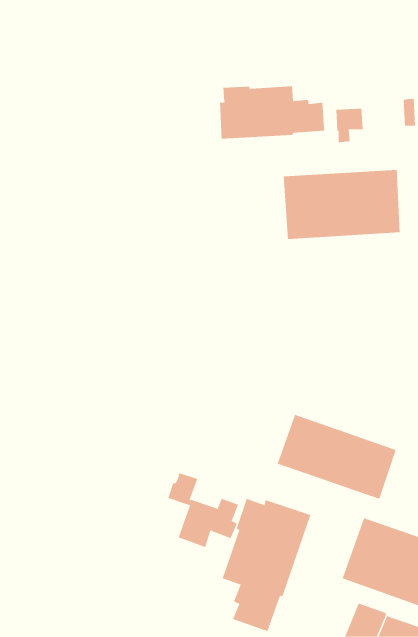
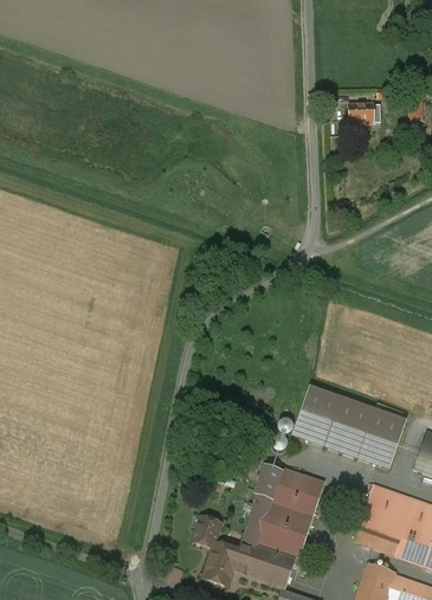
building: [219,86,325,140] -> none
building: [283,169,400,240] -> none
building: [168,473,239,548] -> [192,516,258,586]

